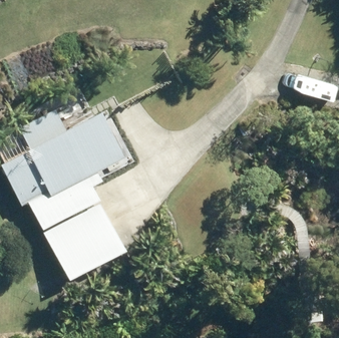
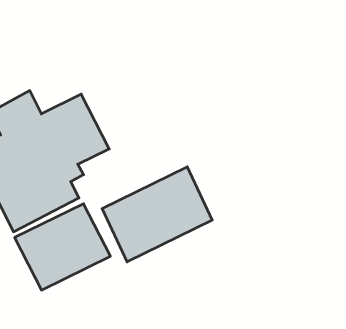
building: none -> [102,167,212,262]

